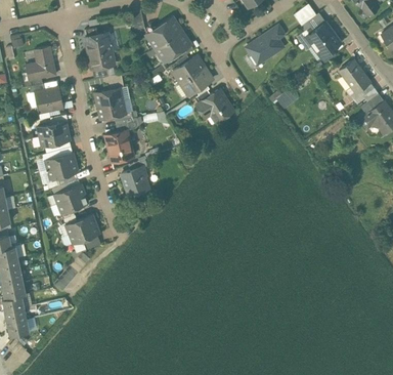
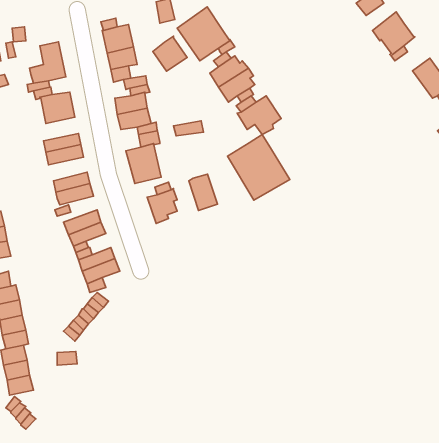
building: [246,26,282,65] -> none
building: none -> [153,36,187,71]
building: none -> [228,135,290,200]
building: none -> [189,174,217,210]

